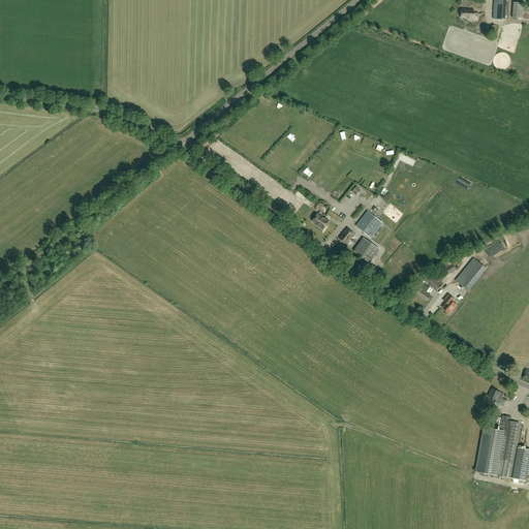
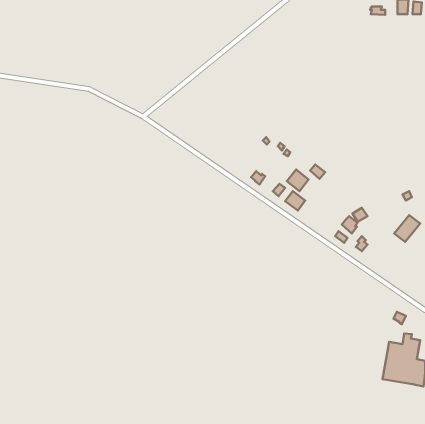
building: [455,257,487,290] -> [394,215,420,242]

